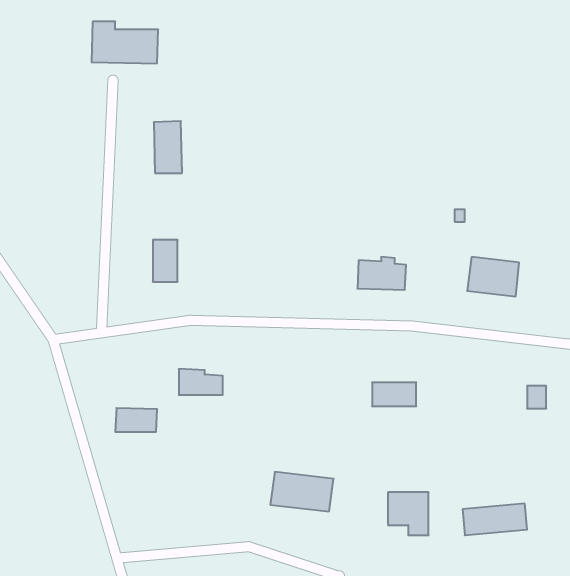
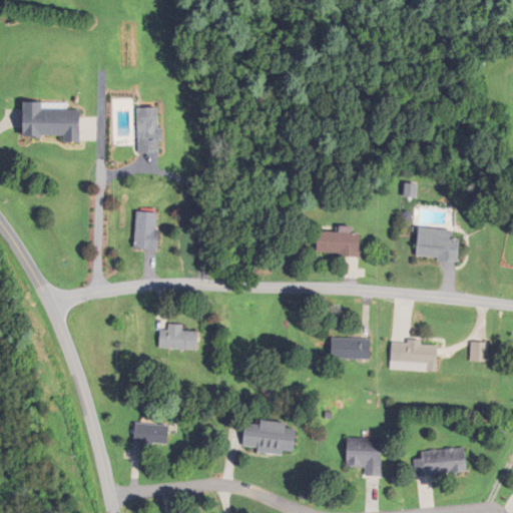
building: [92,22,158,63] -> [22,102,81,139]
building: none -> [397,341,436,372]
building: [115,408,157,432] -> [132,421,169,442]

